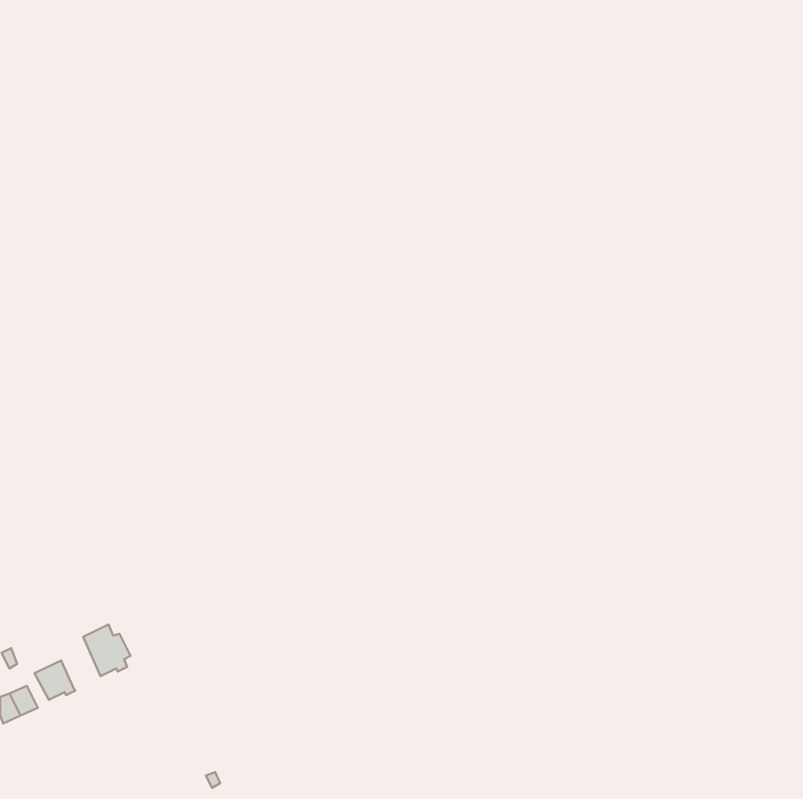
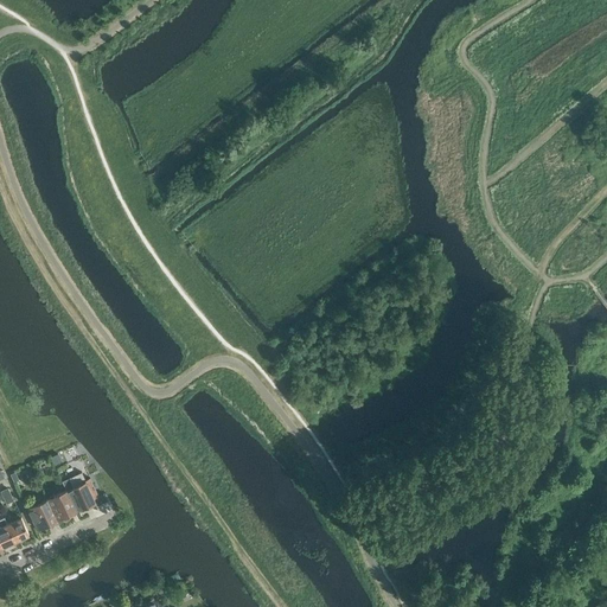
building: none -> [46,492,77,523]

